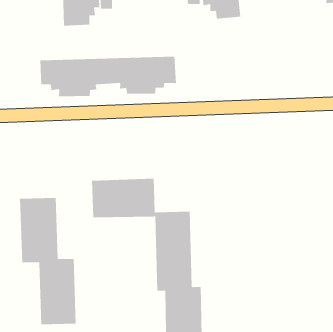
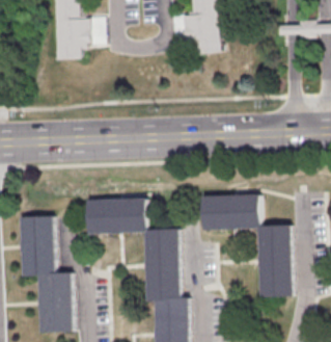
building: [40,56,176,97] -> none
building: none -> [200,194,294,297]

